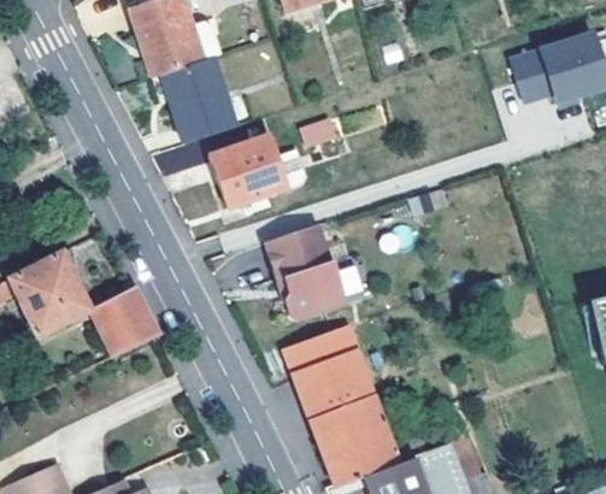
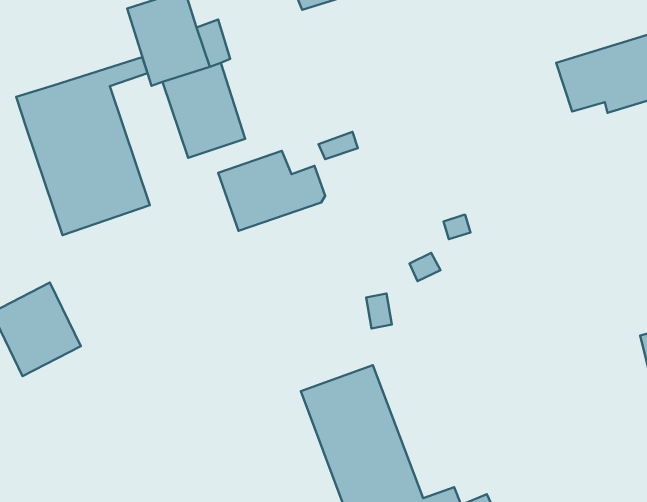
building: none -> [16,57,150,235]
building: [265,224,346,318] -> none
building: [89,287,159,358] -> none

